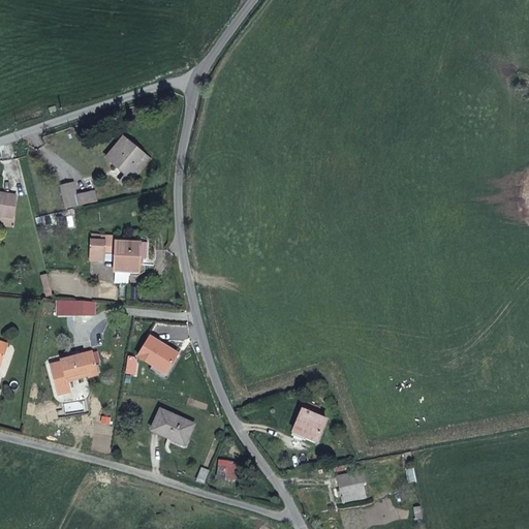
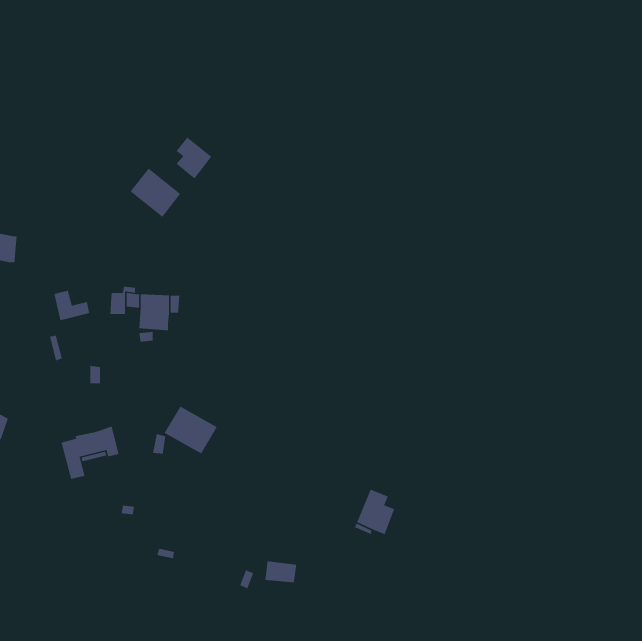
building: none -> [175,137,212,180]
building: [61,182,91,208] -> [54,290,90,321]
building: [151,409,192,444] -> none
building: [335,469,366,501] -> none

